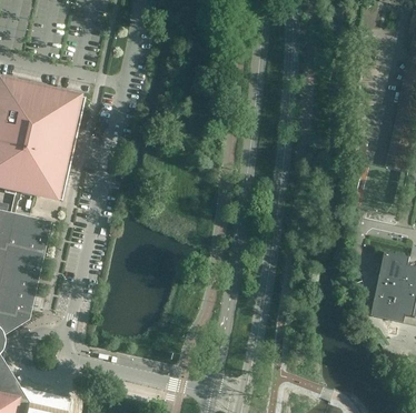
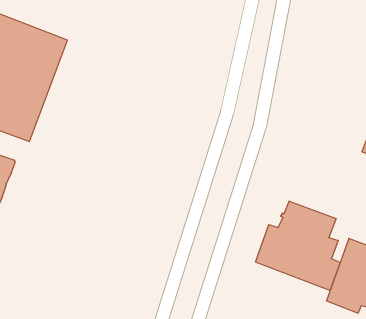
building: none -> [256,201,340,291]

